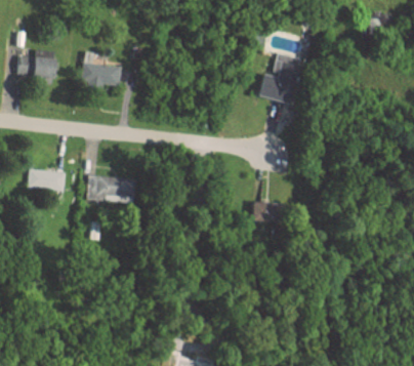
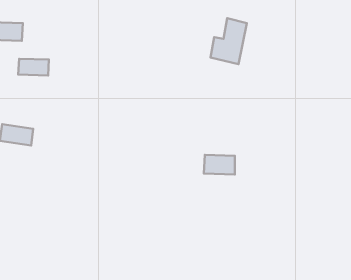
building: [84,65,118,83] -> [18,59,49,76]
building: [86,176,132,203] -> none

